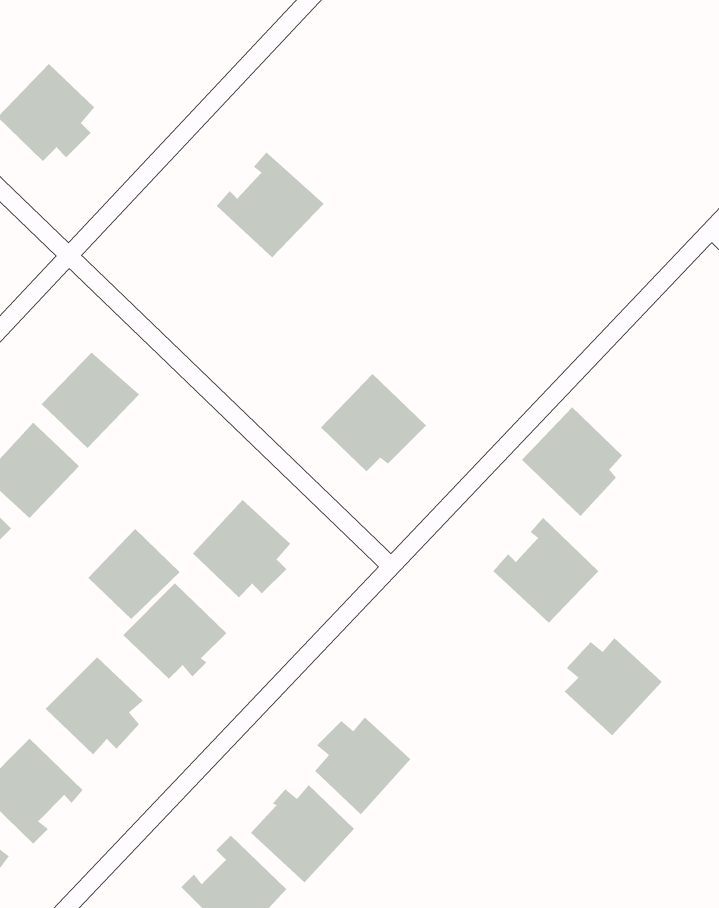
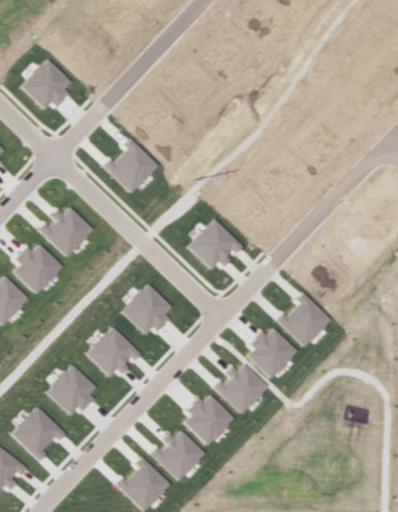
building: [216,151,324,258] -> [103,138,159,193]
building: [521,407,623,517] -> none
building: [87,528,181,620] -> none
building: [564,637,663,736] -> [247,328,298,379]
building: none -> [213,364,269,415]

